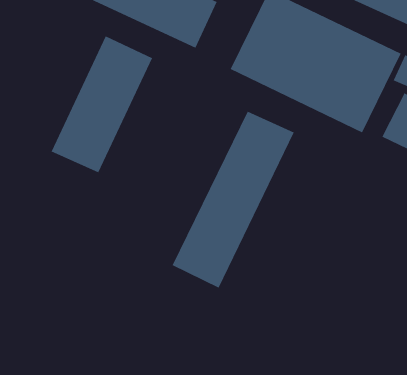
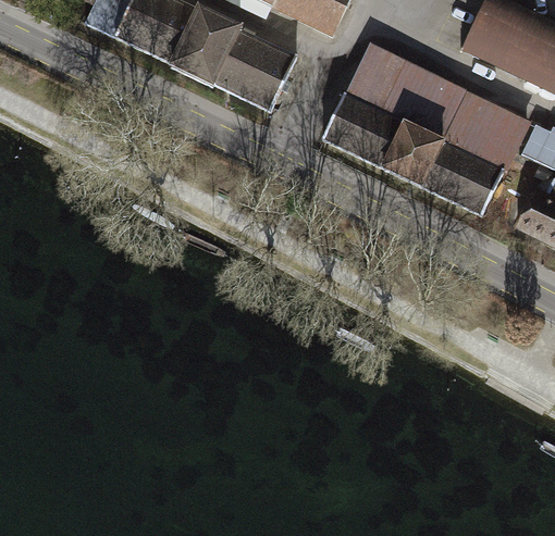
building: [51,36,153,173] -> none
building: [172,111,295,288] -> none

